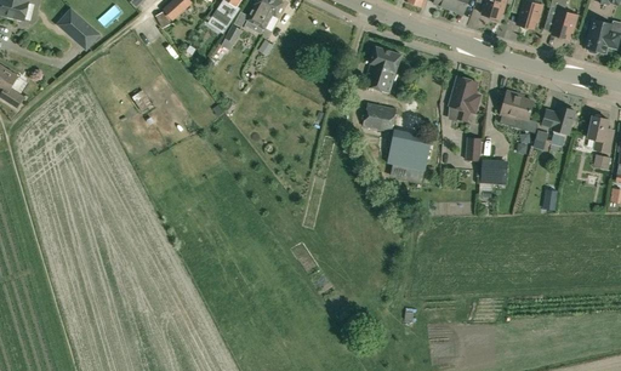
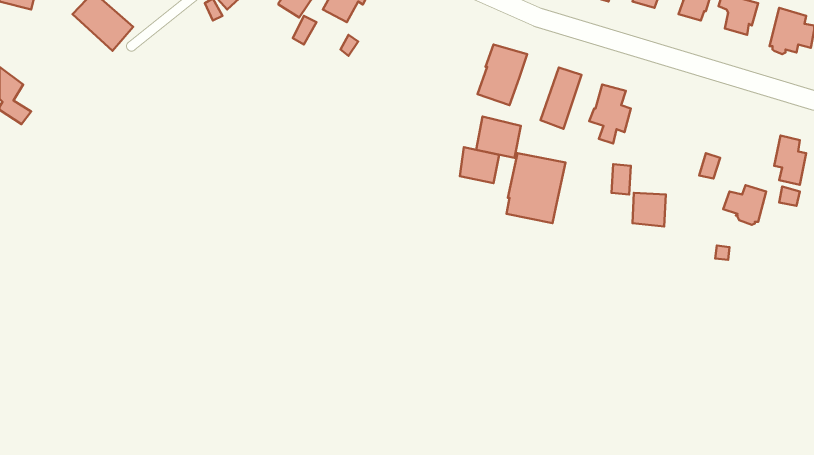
building: none -> [540,67,582,129]
building: [501,91,534,119] -> none
building: [542,105,575,136] -> [723,185,766,225]
building: none -> [460,147,499,183]

